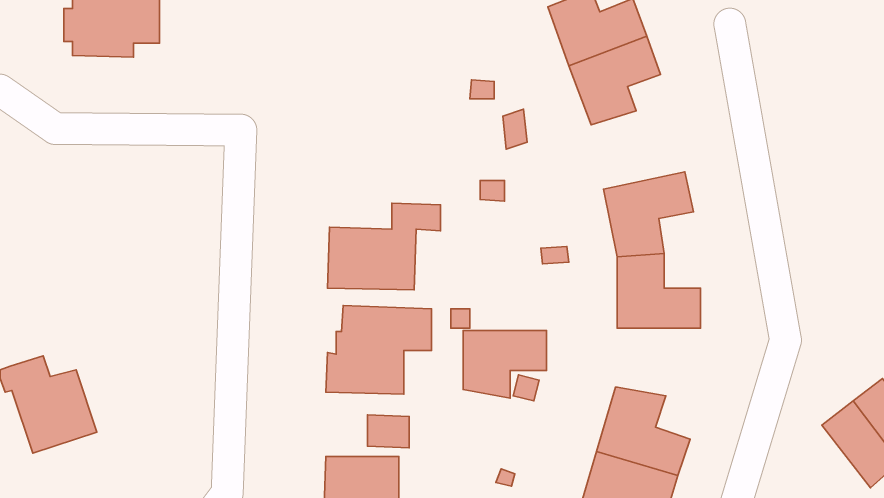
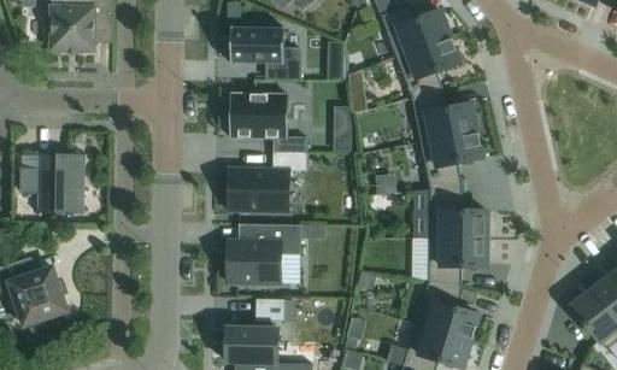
building: none -> [231,23,301,78]
building: none -> [412,88,477,142]
building: none -> [230,94,308,153]
building: none -> [22,153,89,213]
building: [463,330,546,398] -> [430,239,488,286]

